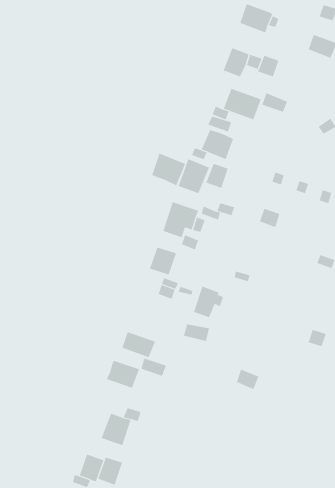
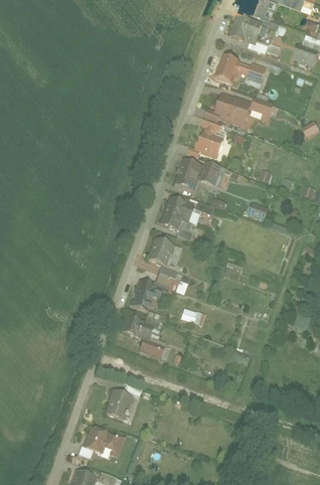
building: [151,153,186,186] -> none
building: [193,286,224,318] -> [132,279,160,308]
building: [106,360,140,388] -> none

